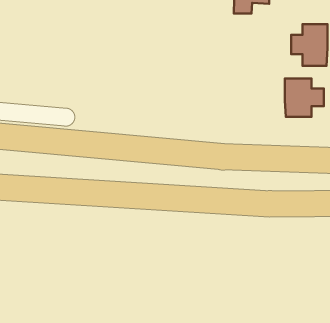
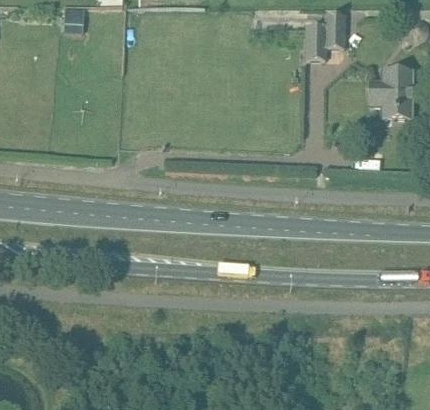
building: [285,79,324,117] -> none

